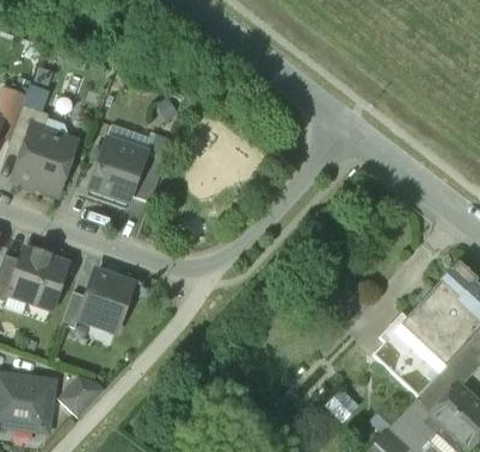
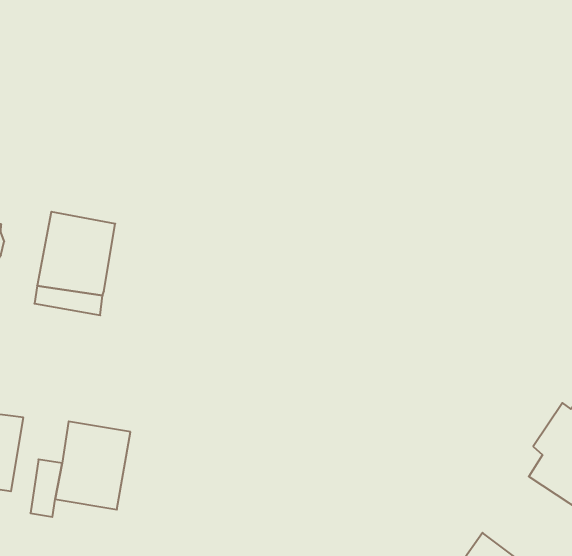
building: [131,153,166,200] -> none

